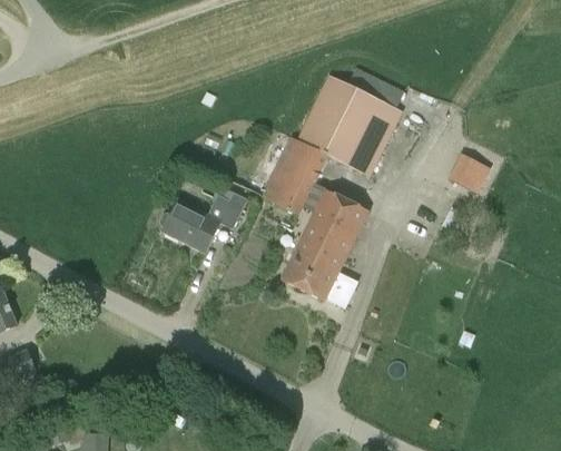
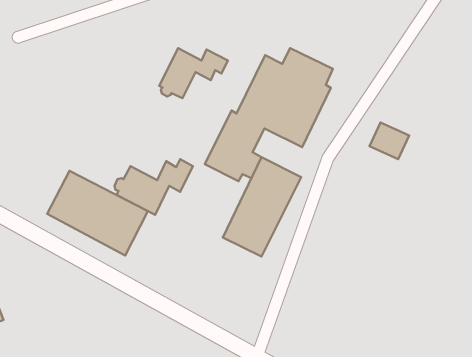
building: none -> [159,48,228,98]
building: none -> [47,171,148,256]

